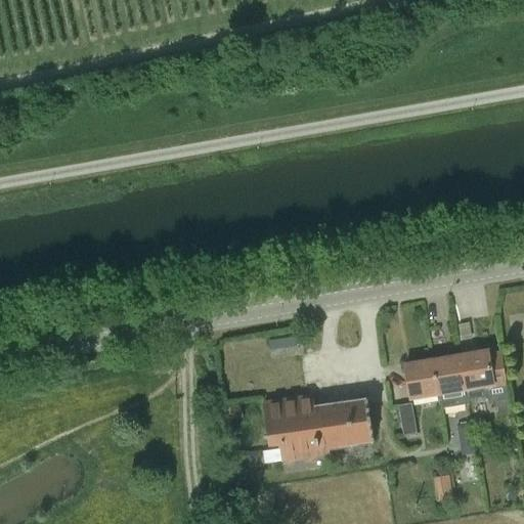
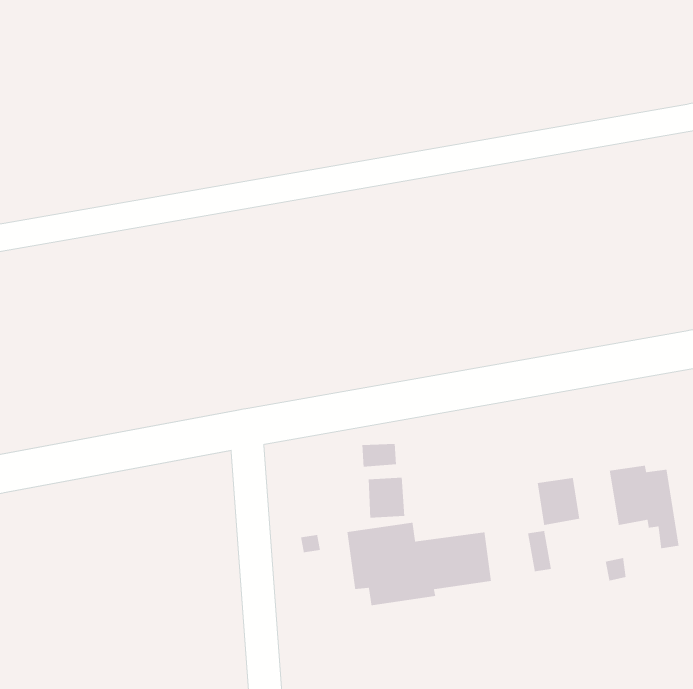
building: [432,354,467,405] -> none
building: none -> [368,477,405,519]

